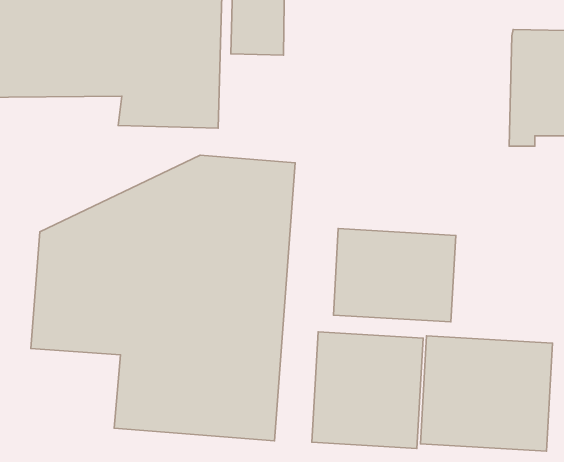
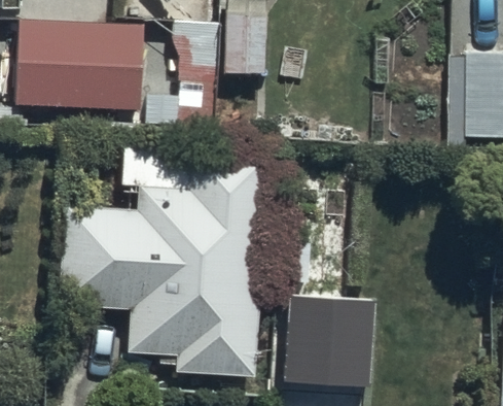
building: [333,229,456,322] -> none
building: [420,336,552,451] -> none

